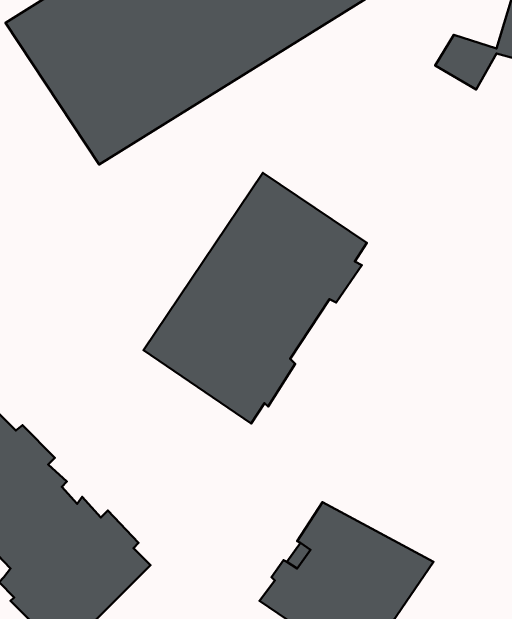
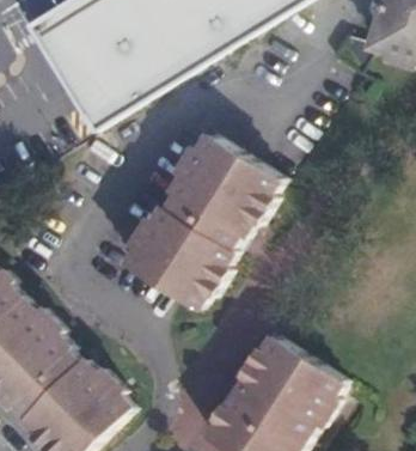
building: none -> [247,335,341,407]

